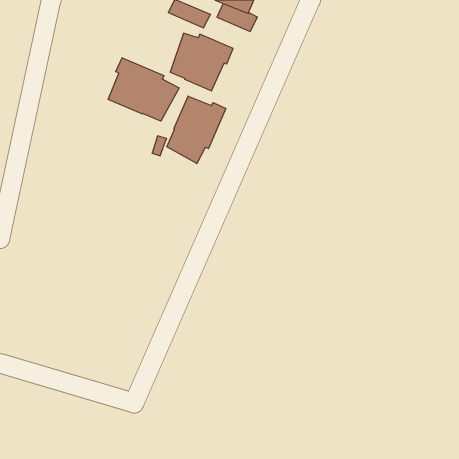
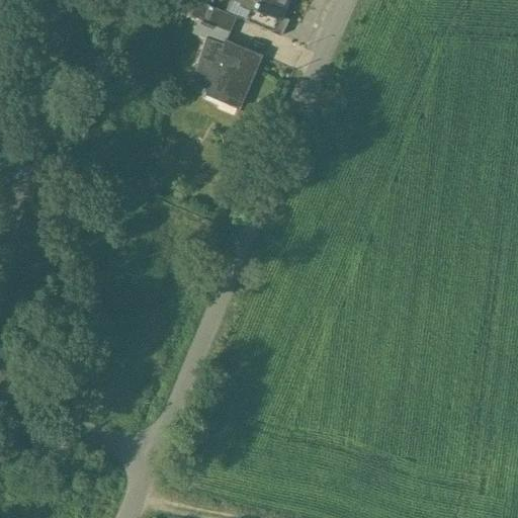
building: [108,58,179,121] -> none
building: [167,96,226,164] -> none

